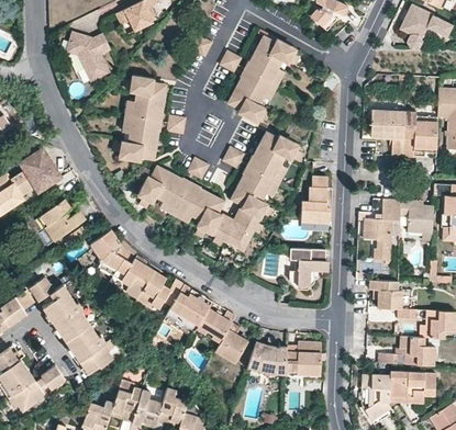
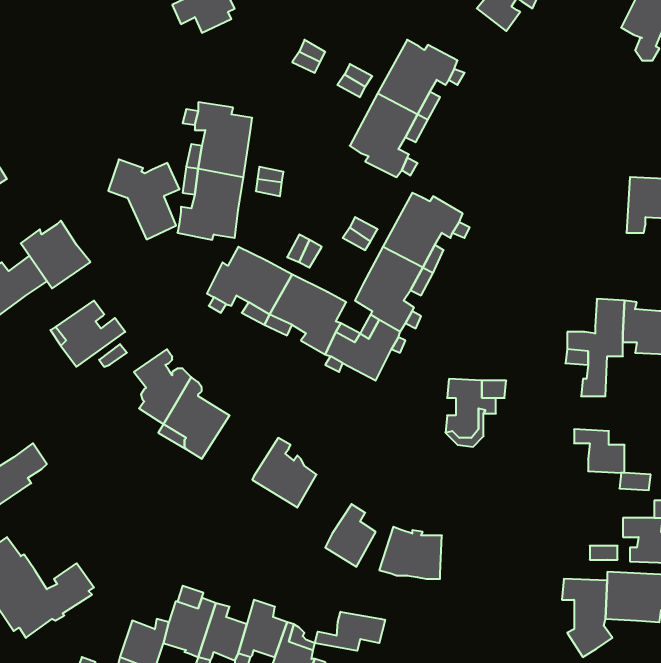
building: [66,31,111,81] -> [108,159,180,239]
building: [371,110,404,157] -> none
building: [301,178,330,223] -> none
building: [134,272,182,310] -> none
building: [30,278,113,375] -> none
building: [192,309,235,347] -> none
building: [285,342,320,376] -> none
building: none -> [315,612,385,651]

